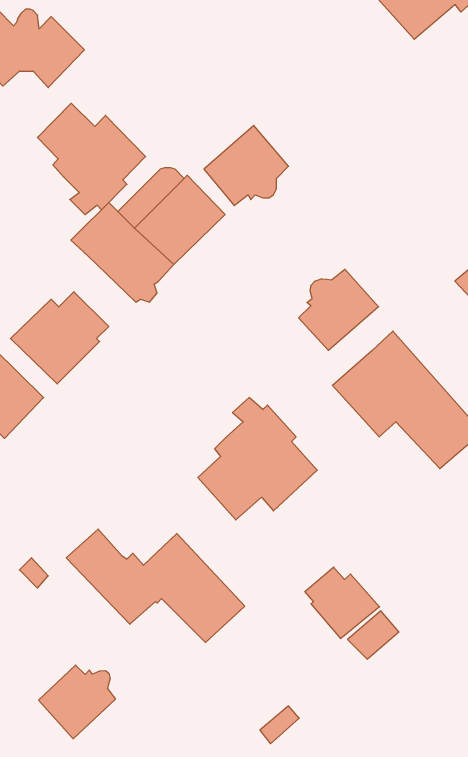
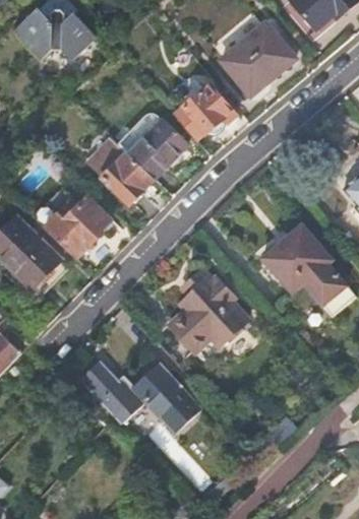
building: none -> [220,22,296,96]
building: [37,103,146,215] -> none
building: [299,269,379,350] -> none
building: [305,567,380,639] -> none
building: [39,665,115,739] -> none

